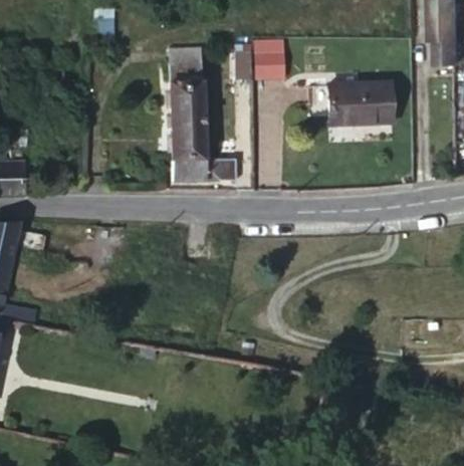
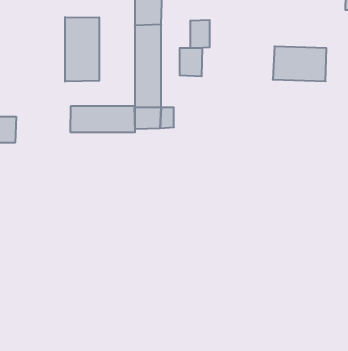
building: [260,44,287,77] -> [180,48,203,76]
building: none -> [65,17,99,82]
building: none -> [71,106,135,132]

